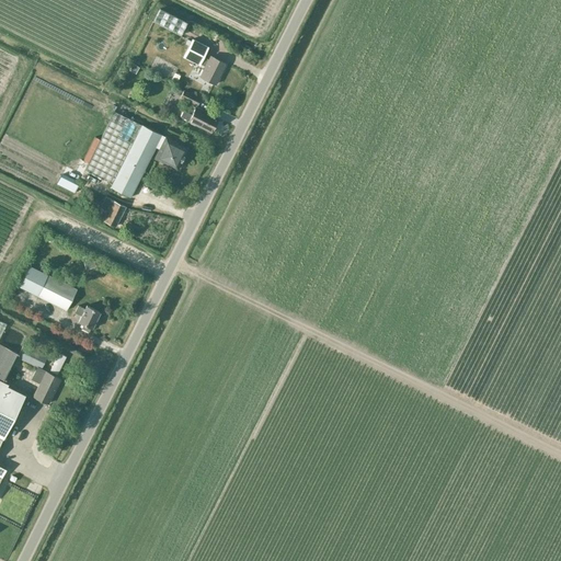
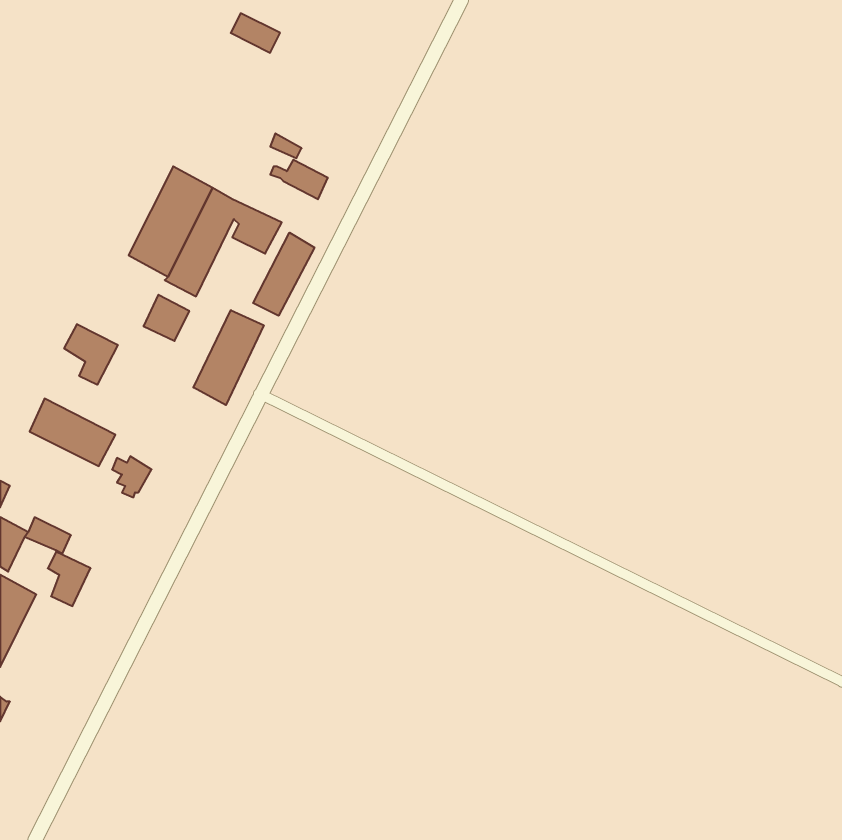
building: [183,39,226,85] -> none
building: none -> [253,233,314,316]
building: none -> [193,310,264,405]
building: none -> [64,324,118,385]

